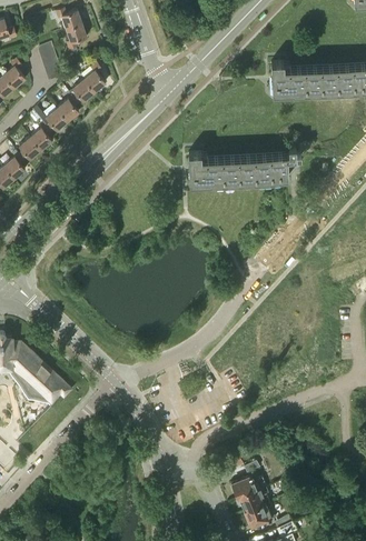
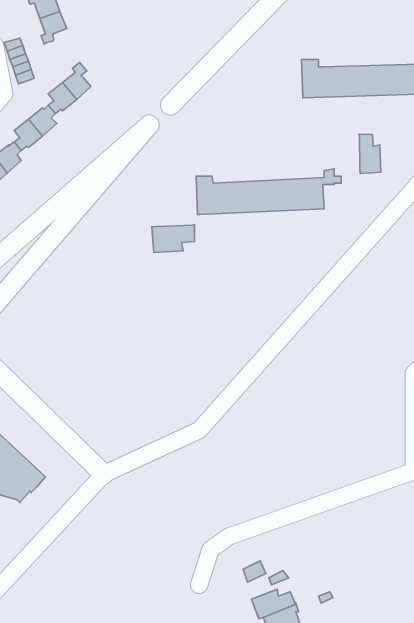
building: none -> [359,134,381,173]
building: none -> [152,225,194,252]

